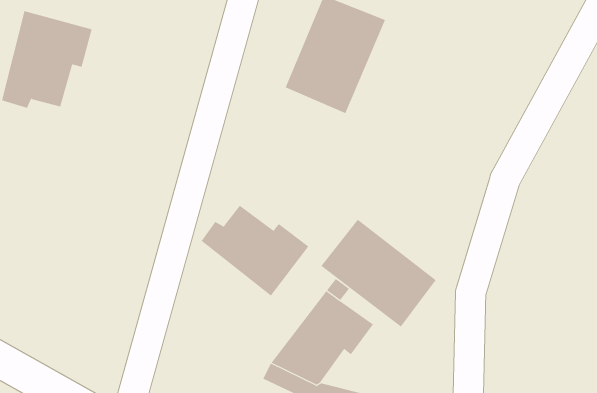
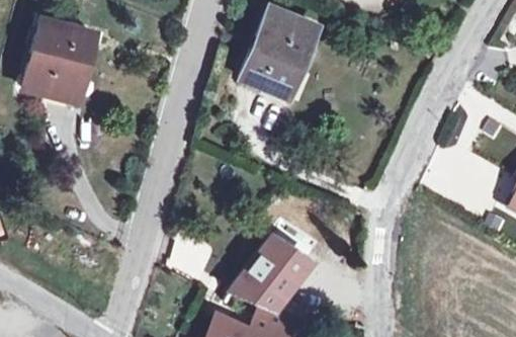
building: [201,205,309,296] -> none
building: [320,219,437,328] -> none

